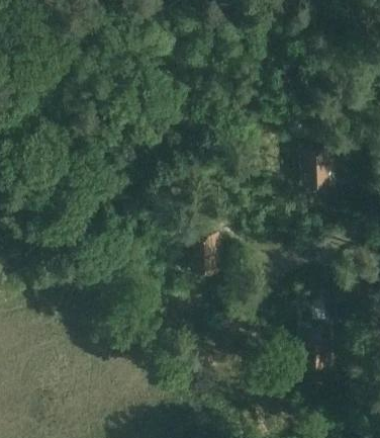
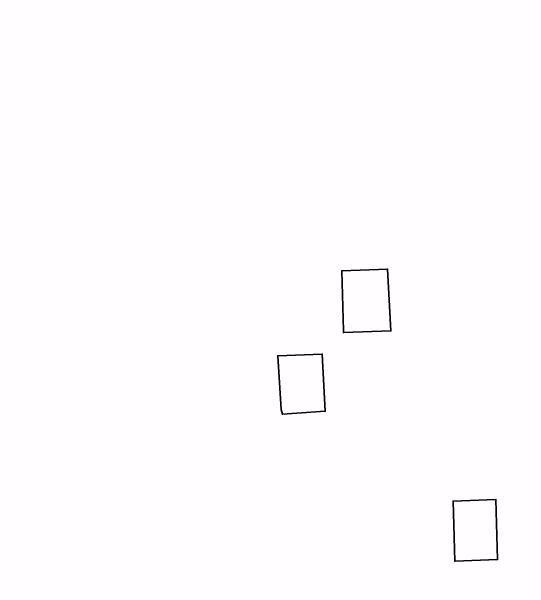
building: [303,151,335,191] -> [342,269,391,332]

